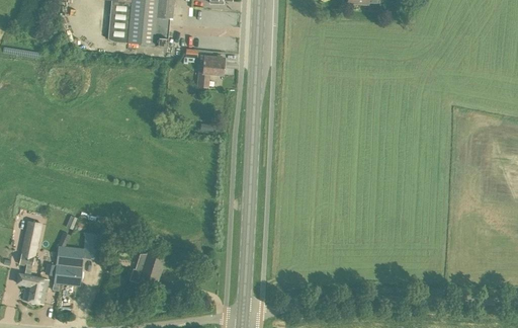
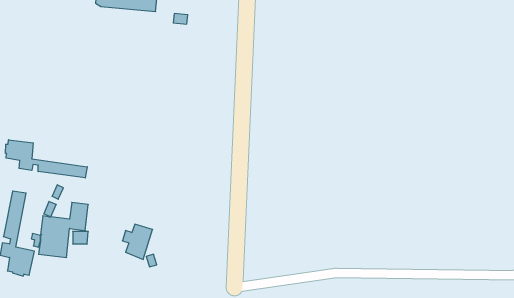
building: [197,55,224,87] -> none
building: none -> [6,140,87,178]

